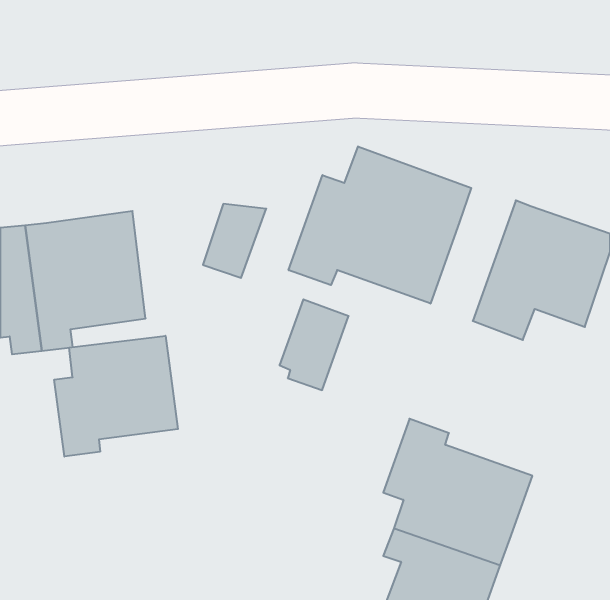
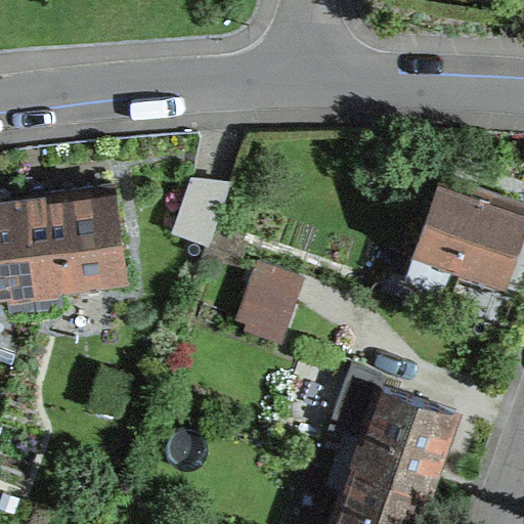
building: [289,146,471,304] -> none
building: [54,336,178,457] -> none

